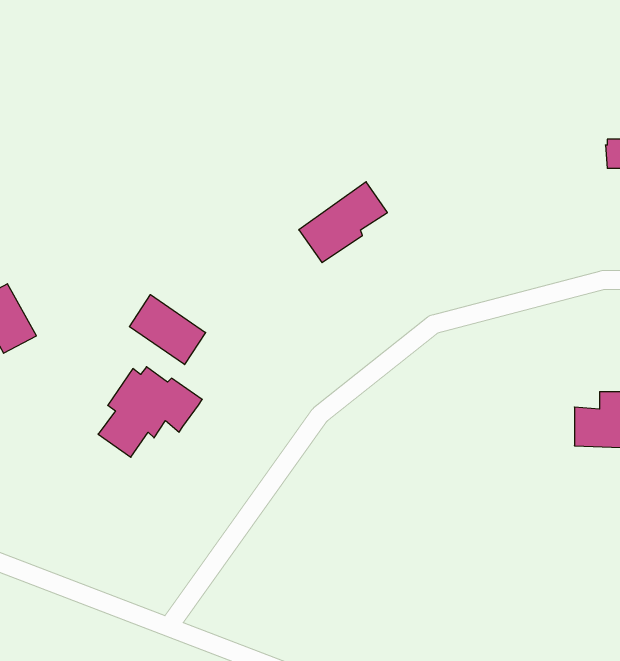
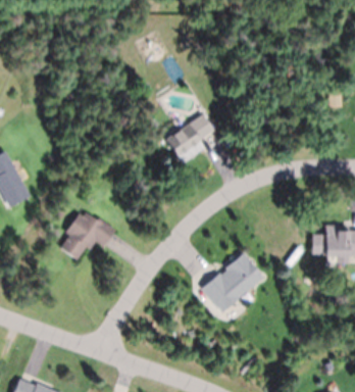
building: [129,295,206,365] -> none
building: none -> [201,252,263,313]

